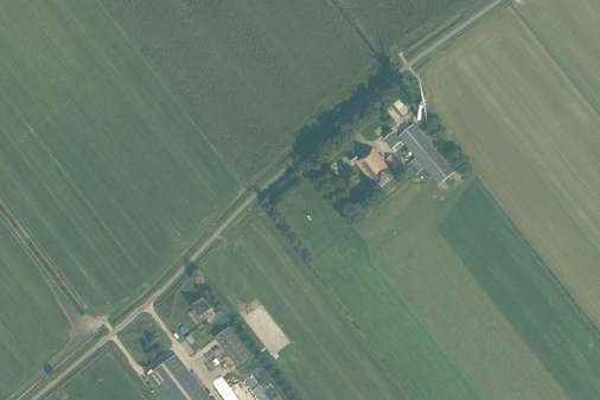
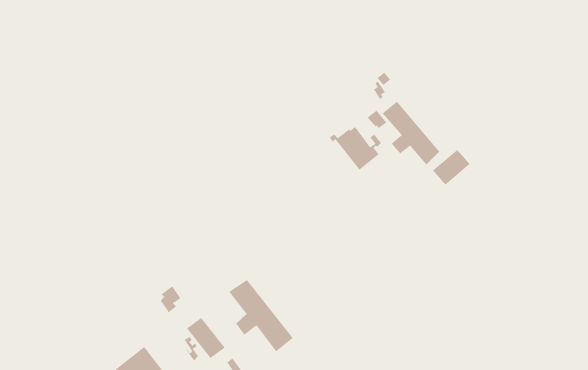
building: none -> [432,149,470,185]
building: none -> [228,279,293,352]

